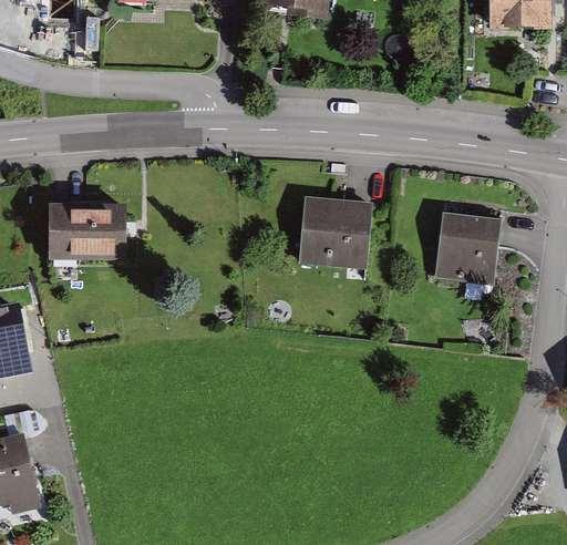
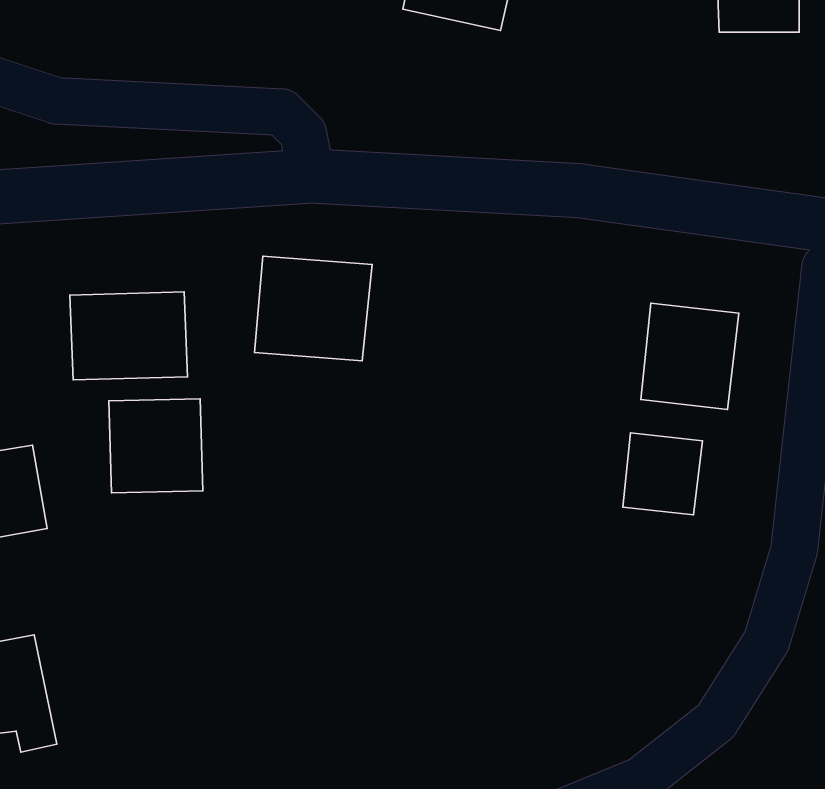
building: [292,196,372,267] -> [255,256,372,361]
building: none -> [109,399,203,493]
building: none -> [623,433,703,515]

